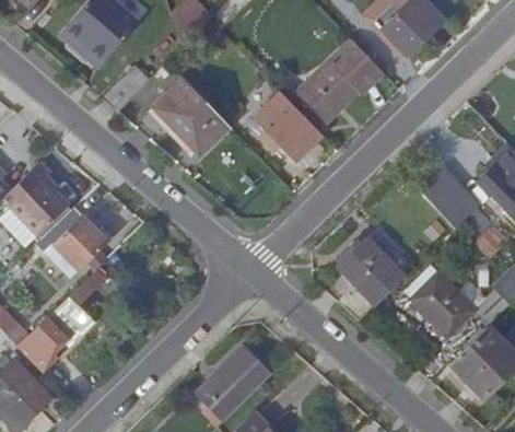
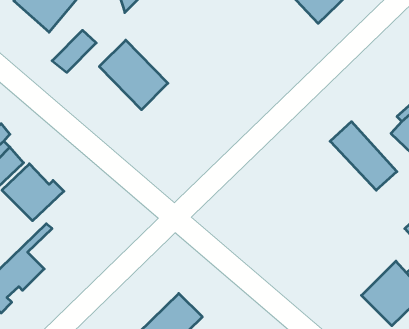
building: [297,37,383,119] -> none
building: [254,79,323,161] -> none
building: [335,230,403,301] -> none
building: [408,267,470,330] -> none

